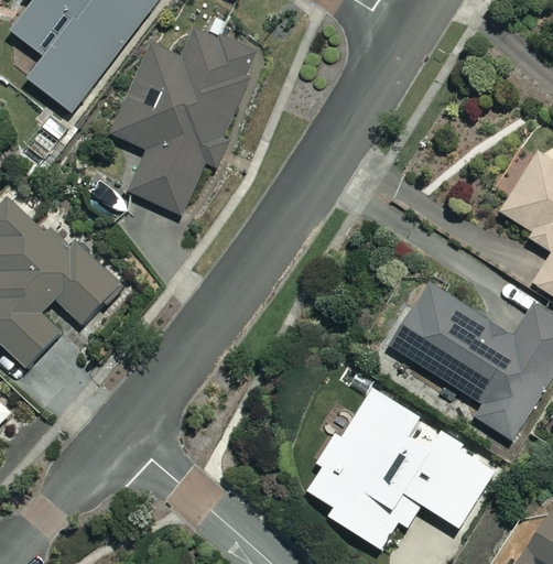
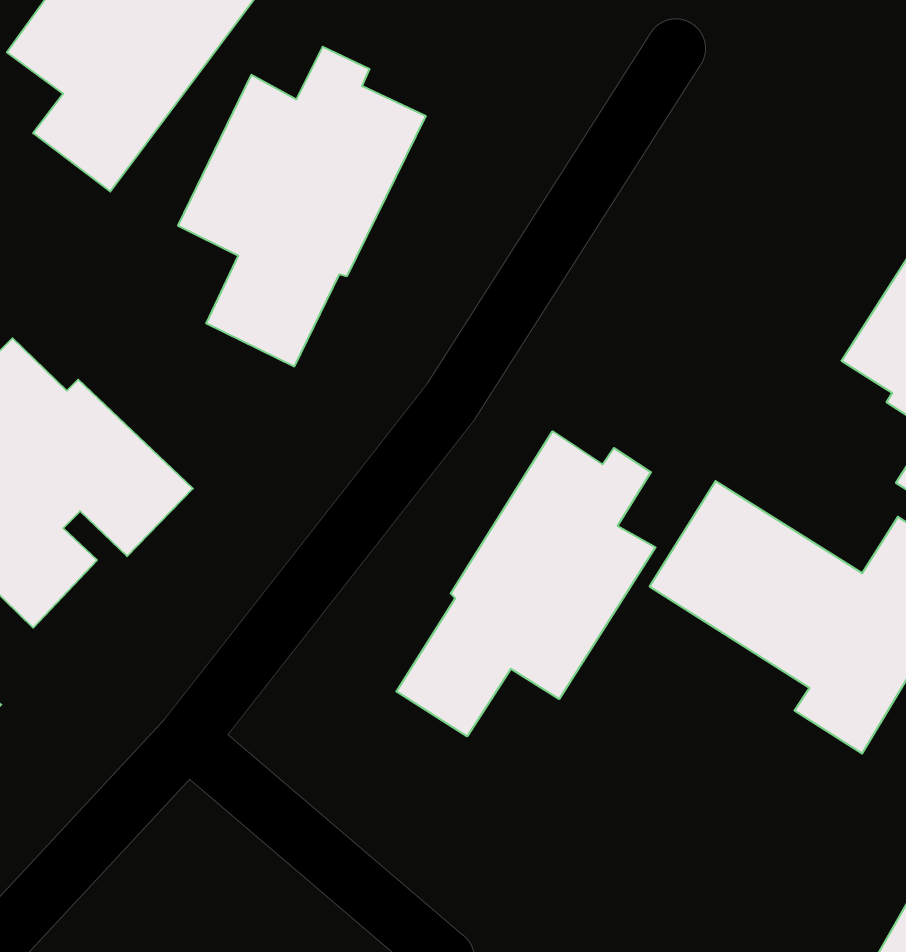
building: none -> [396,431,656,736]
building: [307,389,495,549] -> none

